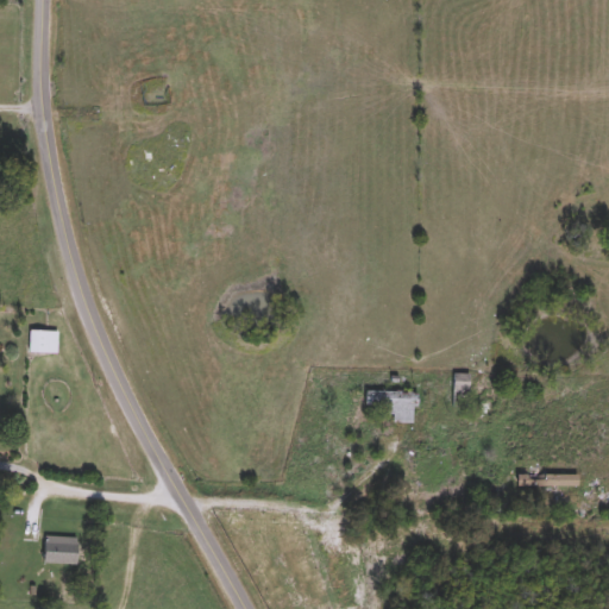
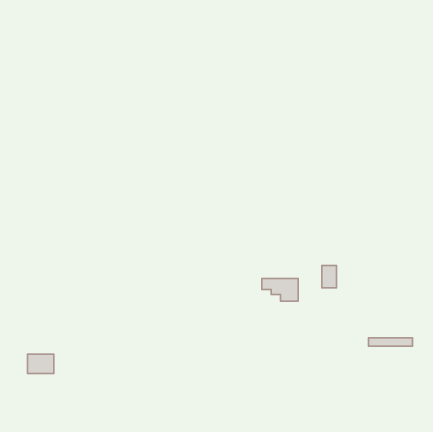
building: [30,329,58,352] -> none
building: [44,535,81,563] -> [28,354,54,374]

